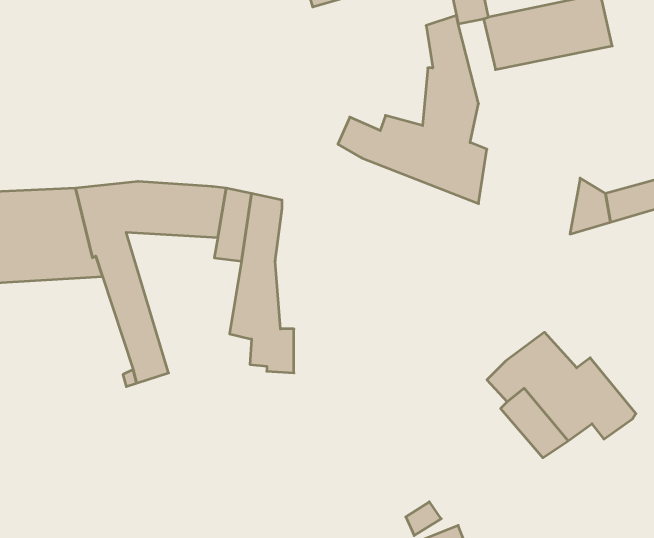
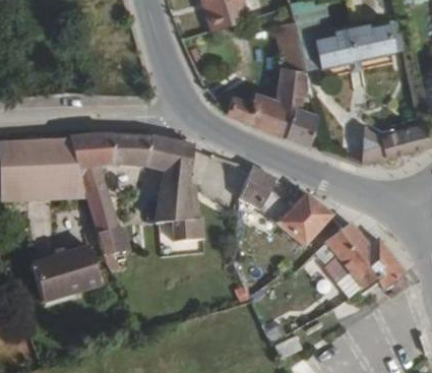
building: none -> [242,167,331,246]
building: none -> [34,247,100,302]

